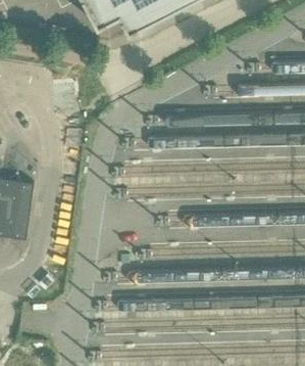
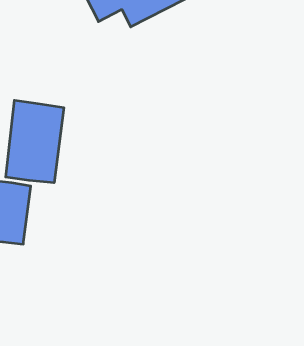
building: none -> [6,100,64,183]

